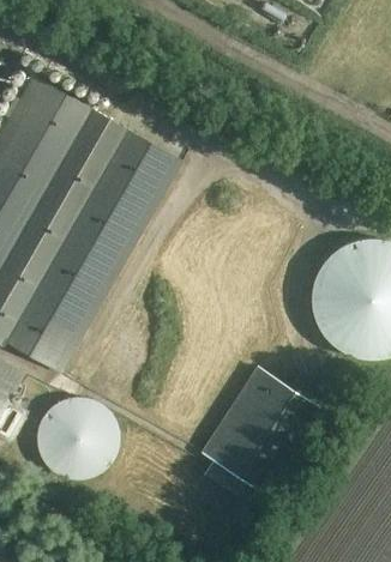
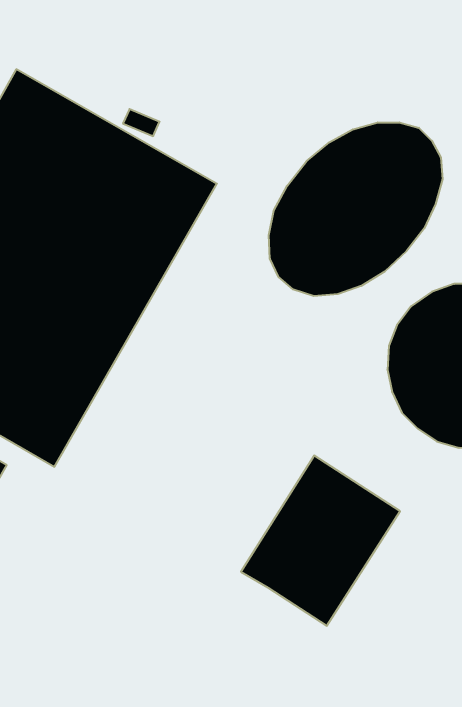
building: none -> [269,122,442,296]
building: [36,399,119,477] -> none

